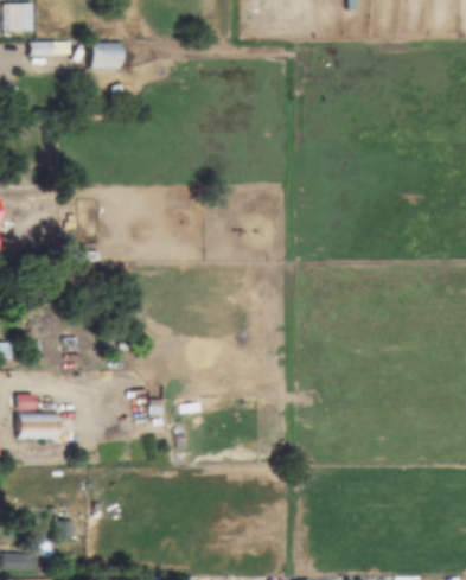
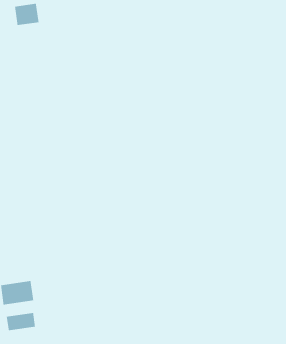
building: none -> [6,312,36,331]

